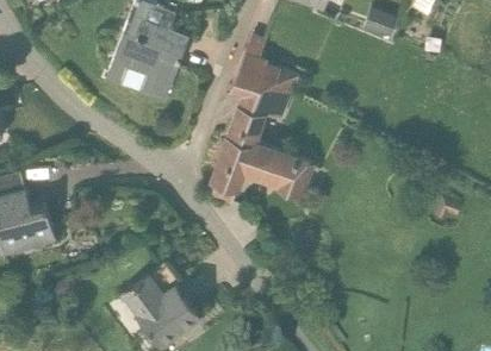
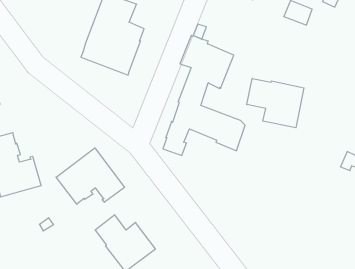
building: none -> [247,78,304,128]
building: none -> [56,148,125,204]

